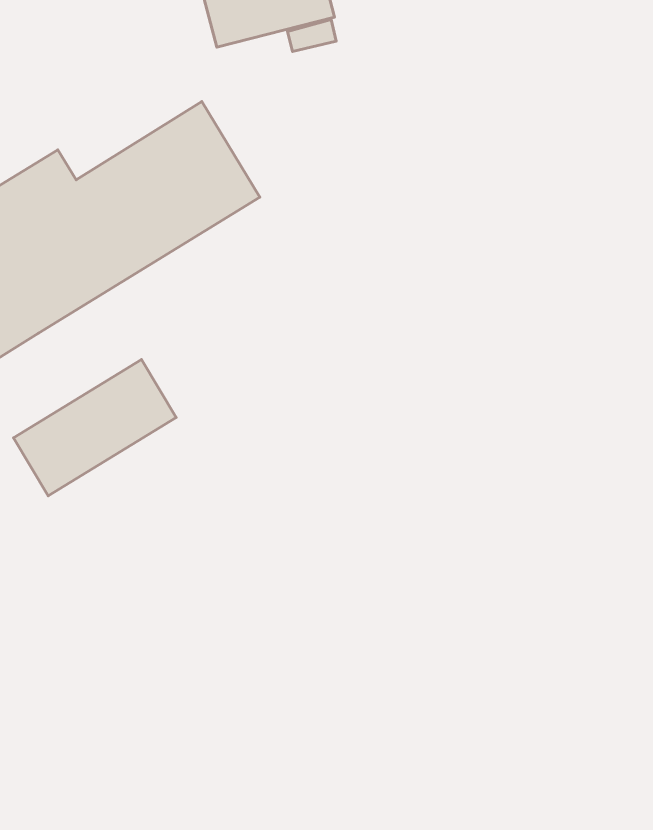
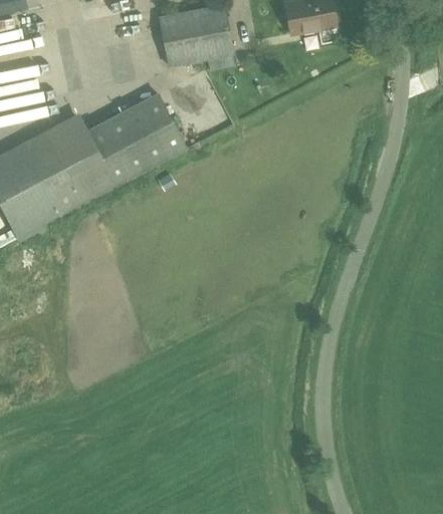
building: [14,359,176,496] -> none

